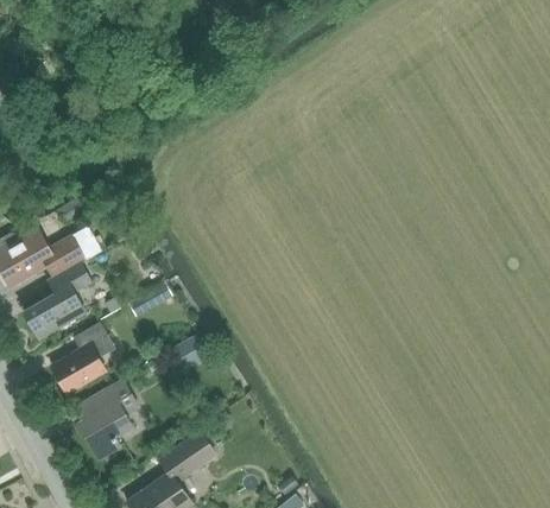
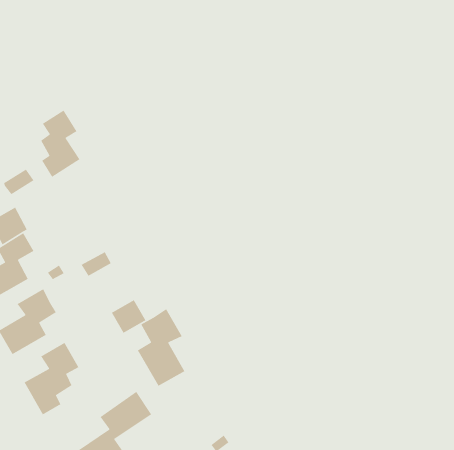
building: none -> [40,109,81,178]
building: none -> [137,308,186,387]

